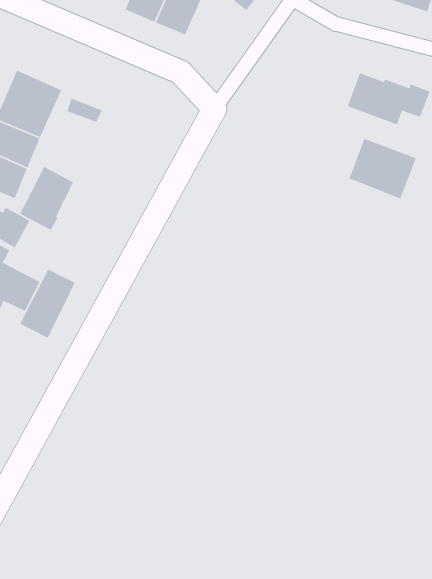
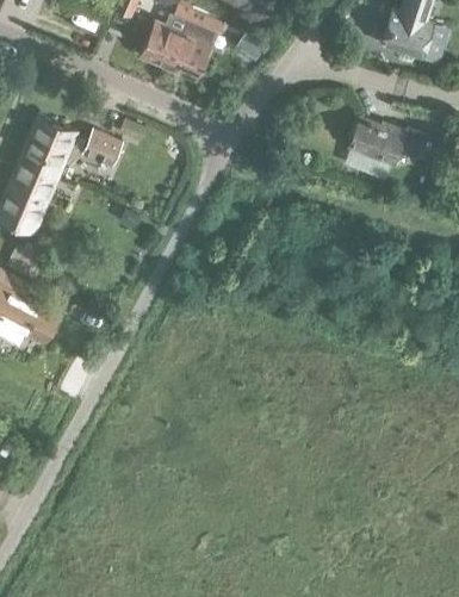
building: [349,138,417,199] -> none
building: [19,166,74,231] -> none
building: [19,269,76,339] -> none

